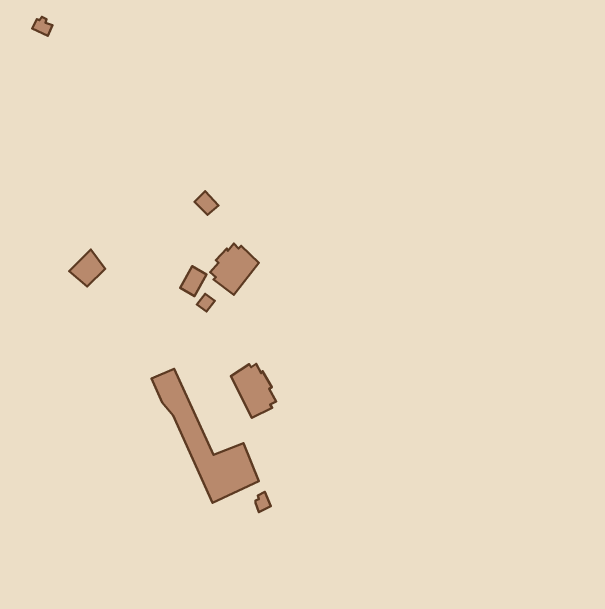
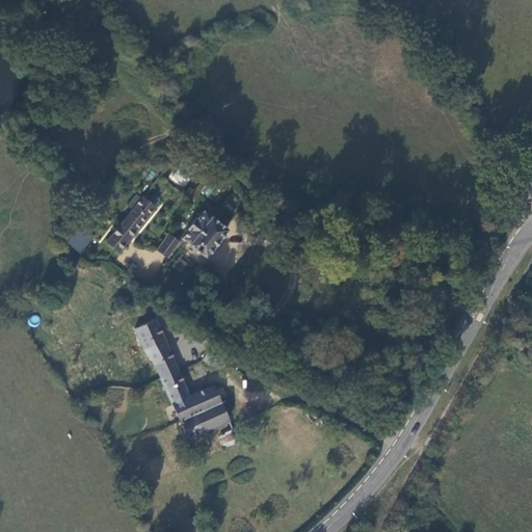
building: none -> [109,194,158,250]
building: [231,364,276,418] -> none

